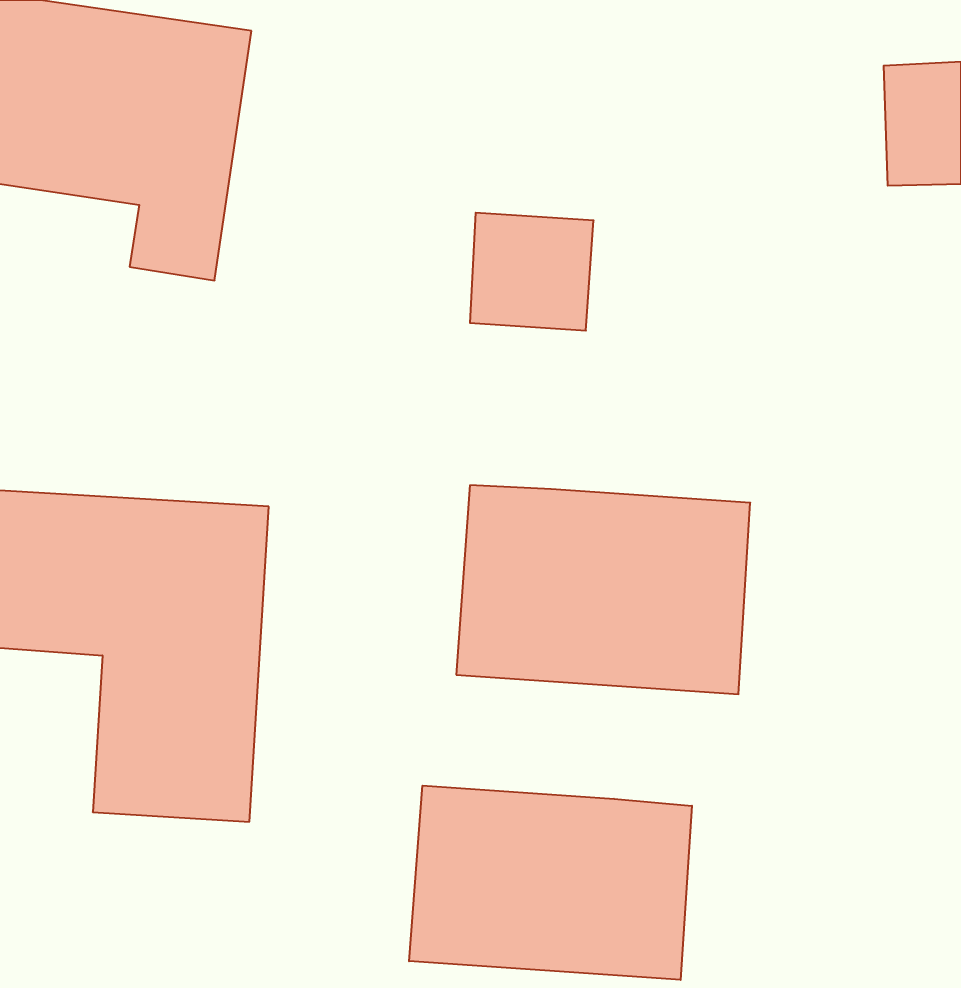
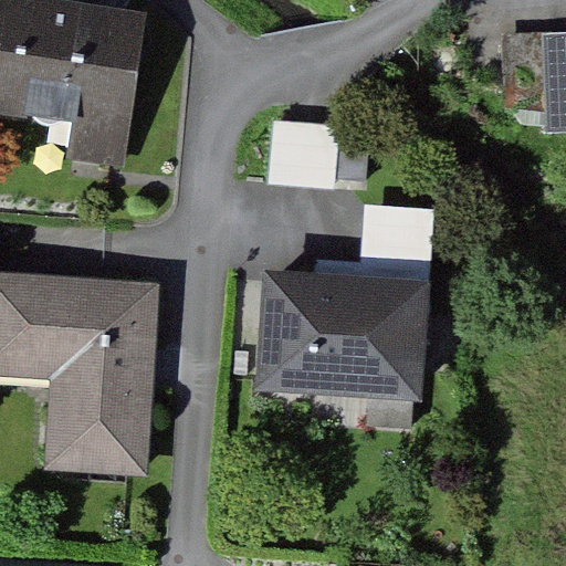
building: none -> [315,205,434,287]
building: [409,786,692,980] -> none

